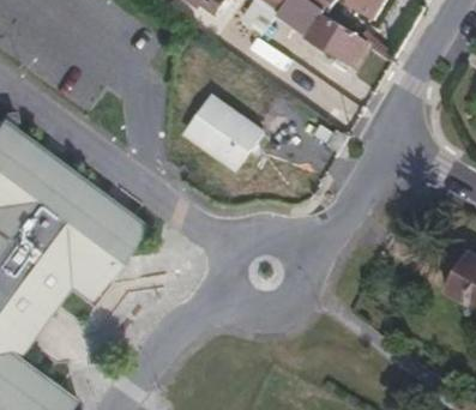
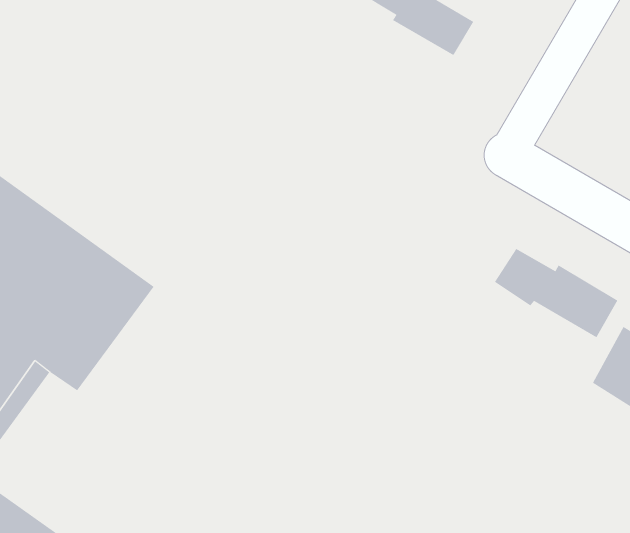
building: [185,97,260,167] -> none
building: none -> [494,248,618,338]

